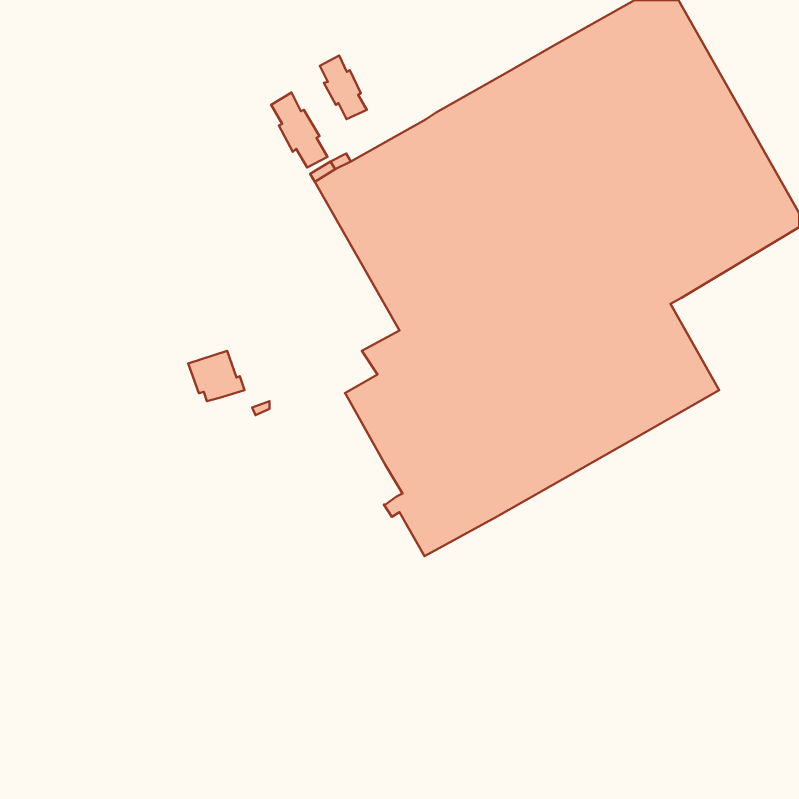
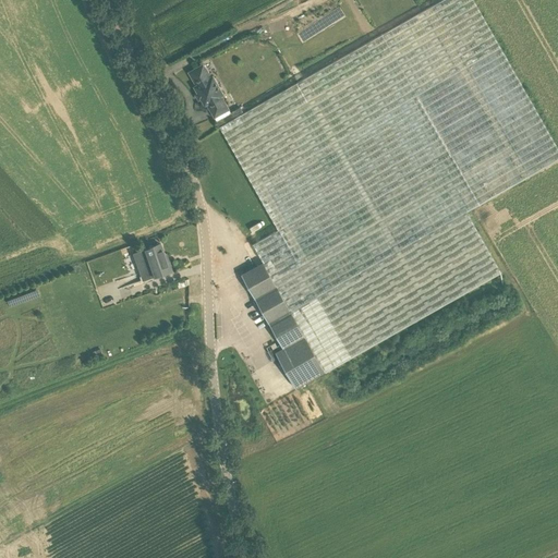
building: [320,56,367,119] -> none

